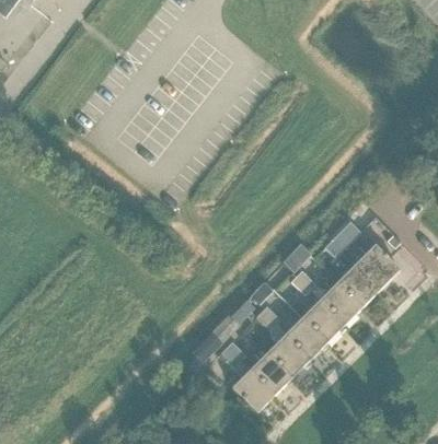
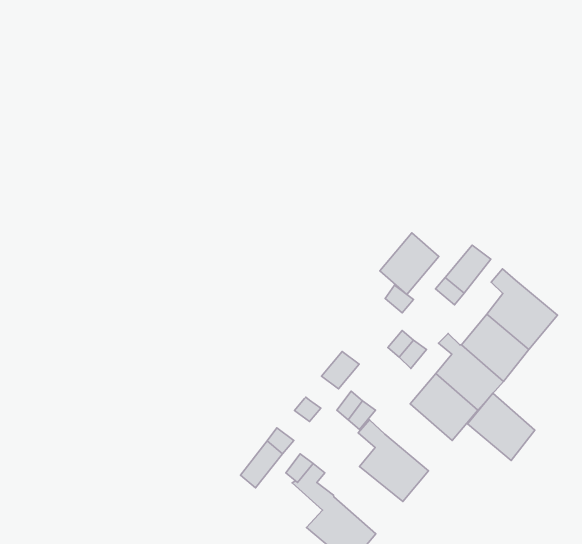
building: none -> [380,233,439,295]
building: [287,315,328,358] -> [467,393,535,460]
building: [252,343,295,394] -> none

